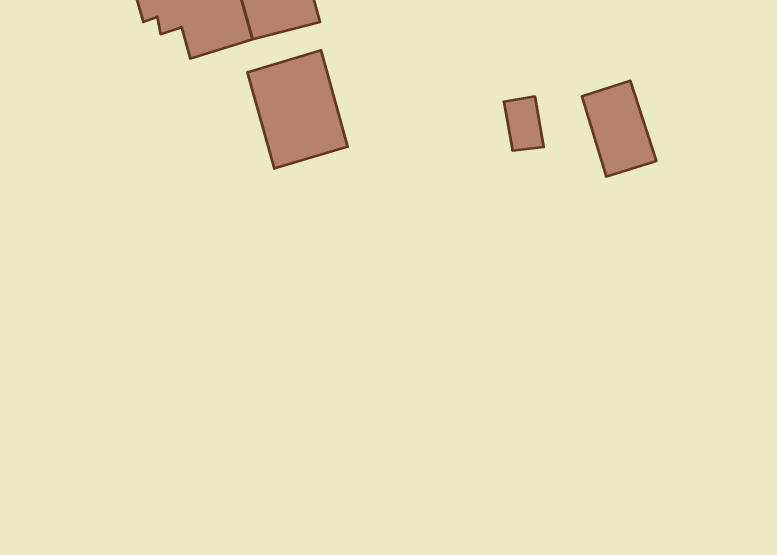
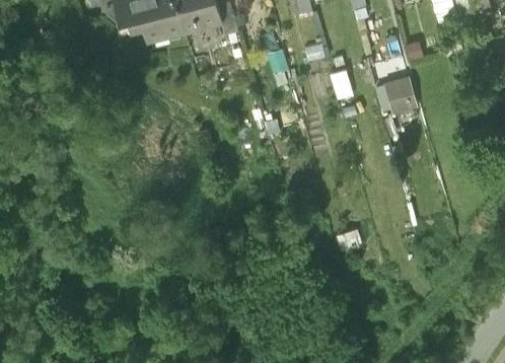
building: [248,50,348,169] -> none

